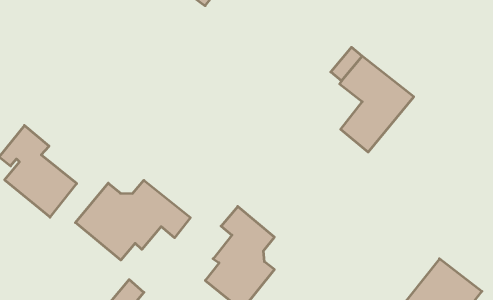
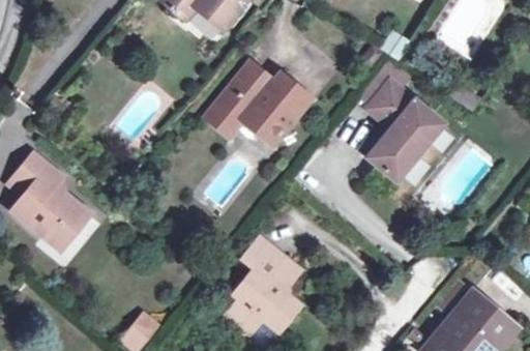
building: none -> [206,62,311,139]
building: [75,180,190,260] -> none

